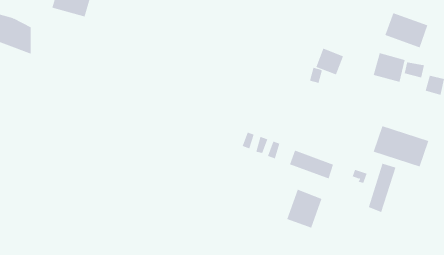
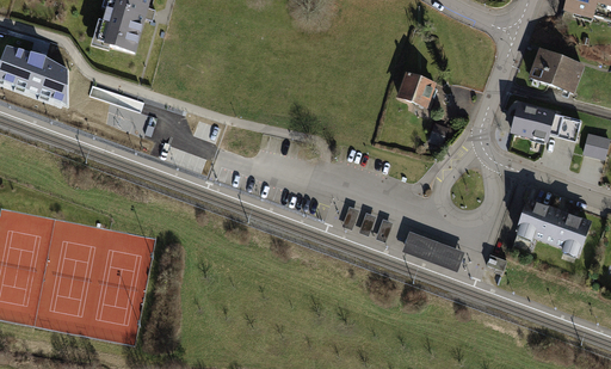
building: [315,48,344,75] -> [393,70,430,106]
building: [368,163,396,213] -> none
building: [286,189,322,228] -> none

